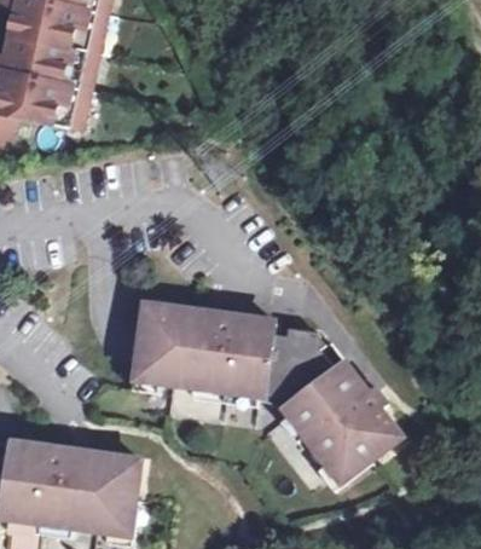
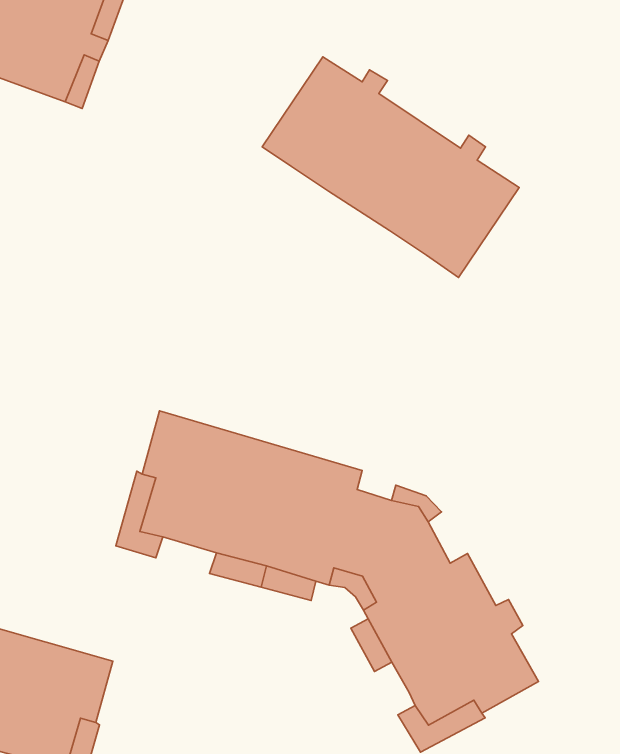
building: none -> [262,57,519,277]

